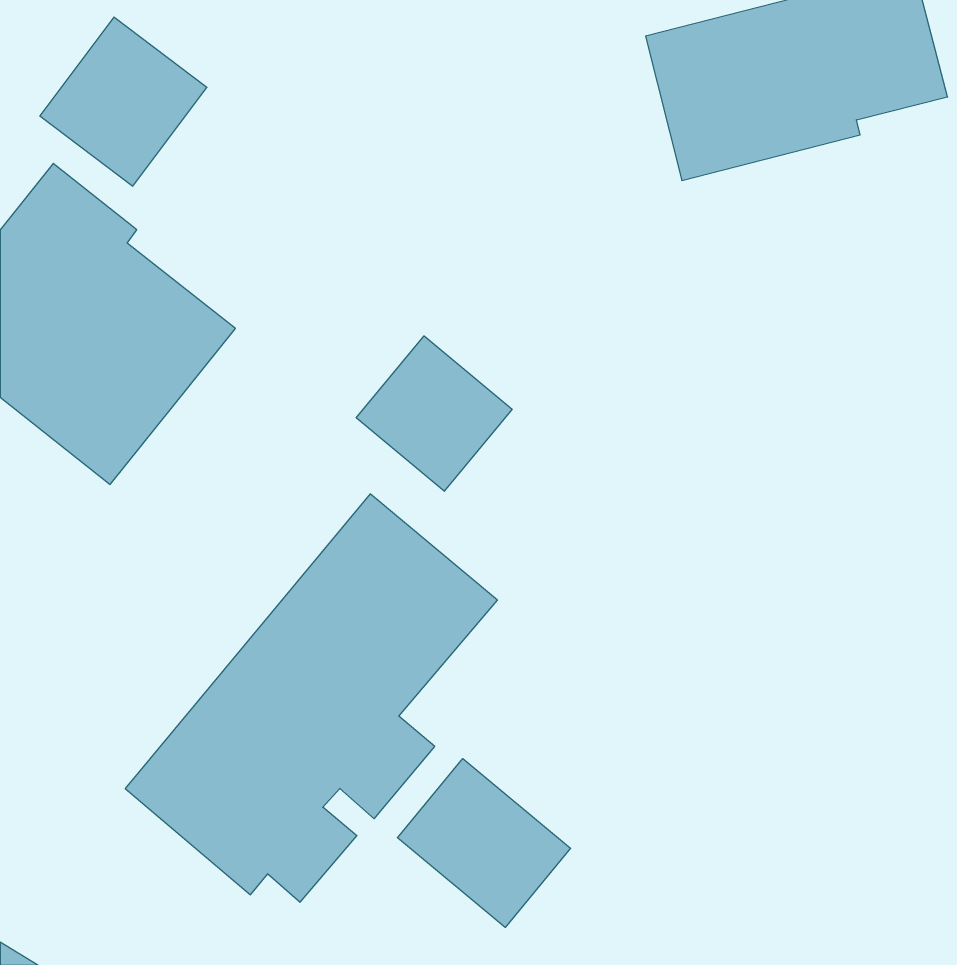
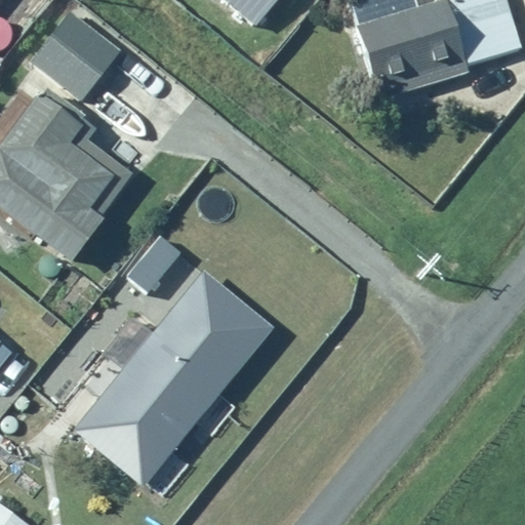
building: [356,336,512,491] -> none
building: [397,759,571,927] -> none

